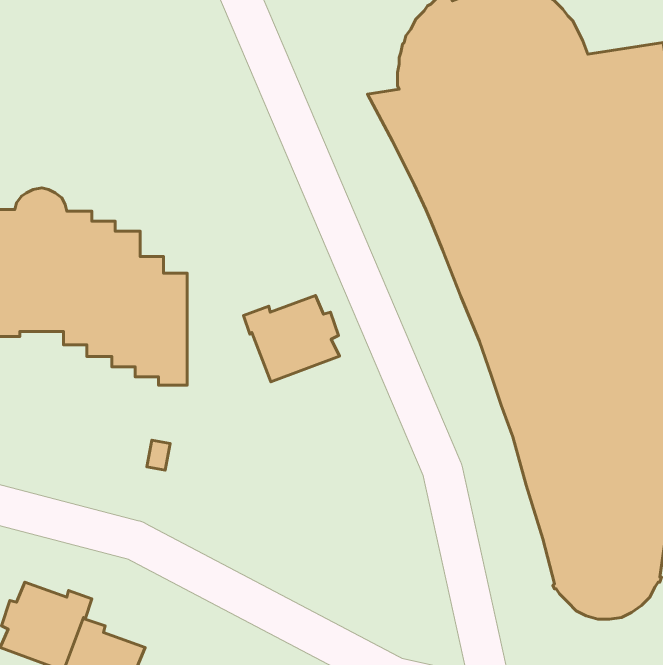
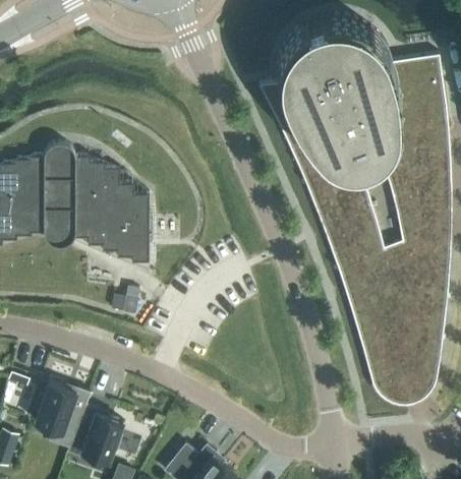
building: [244,296,339,382] -> none

